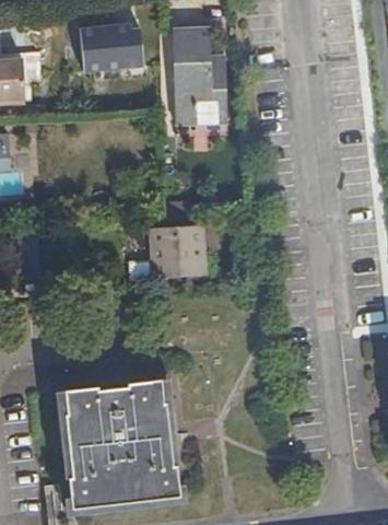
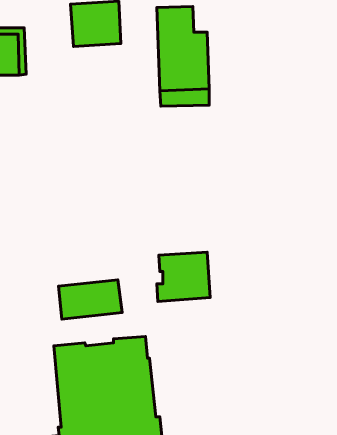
building: [150,230,207,282] -> [157,252,210,301]
building: none -> [59,280,122,319]

